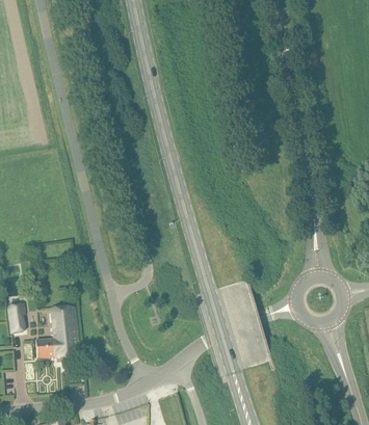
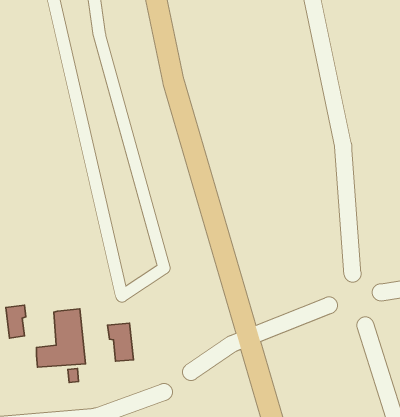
building: none -> [108,323,133,361]

